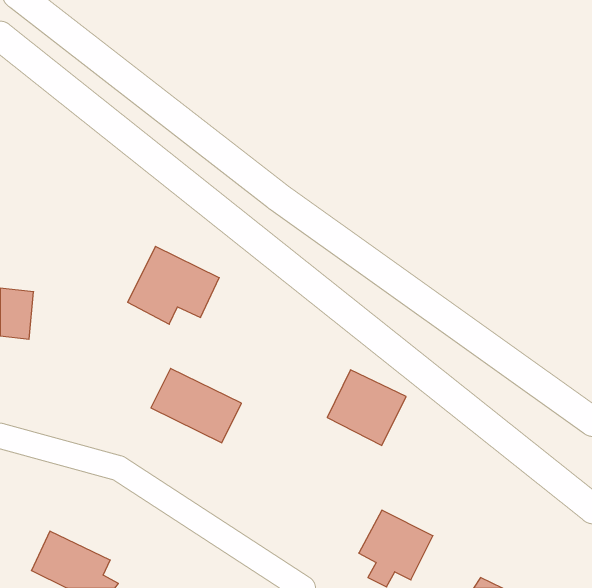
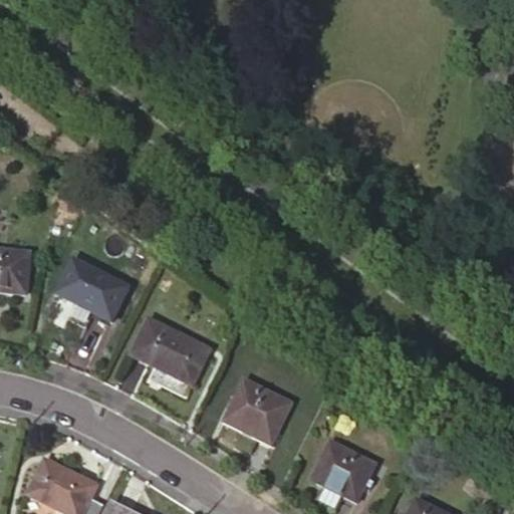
building: [128,246,219,324] -> [49,258,128,325]
building: [327,370,406,445] -> [224,378,292,444]

